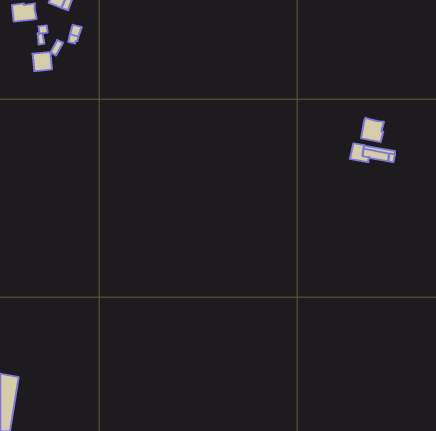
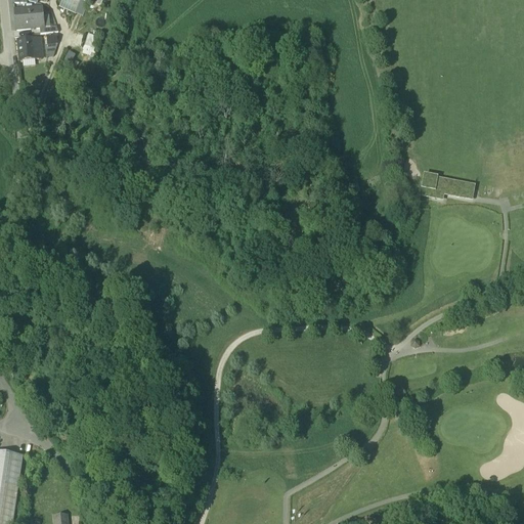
building: [32,52,52,71] -> [17,34,41,56]
building: [361,118,384,142] -> none

